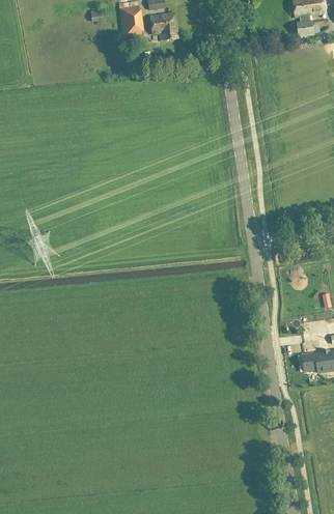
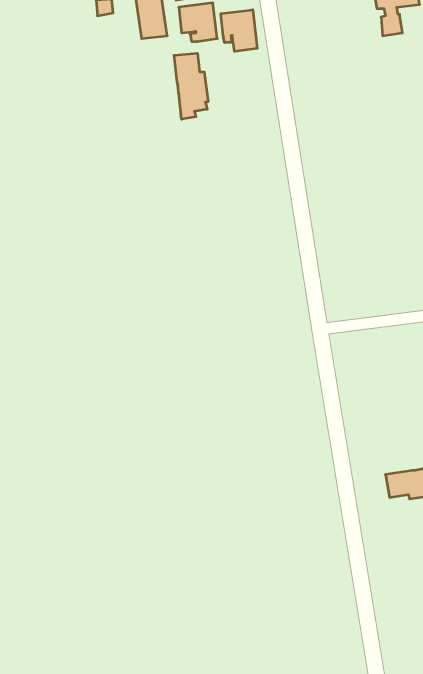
building: none -> [221,10,257,51]
building: none -> [174,53,208,119]

